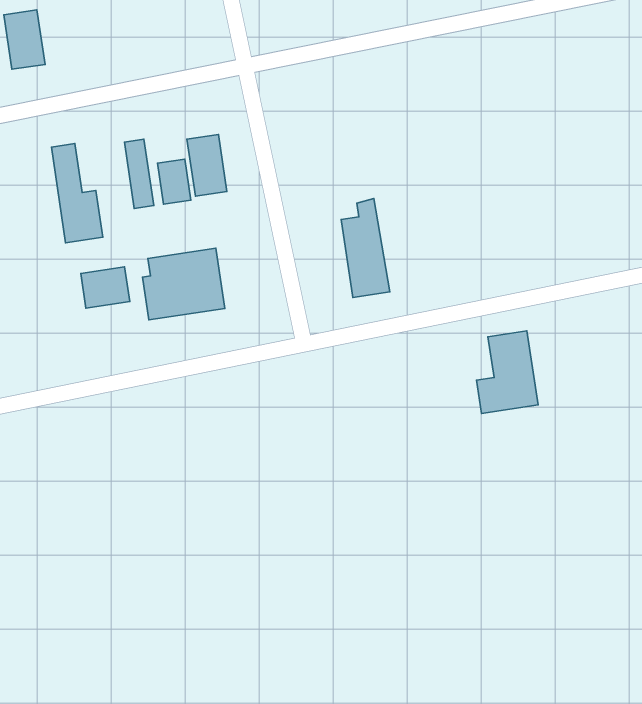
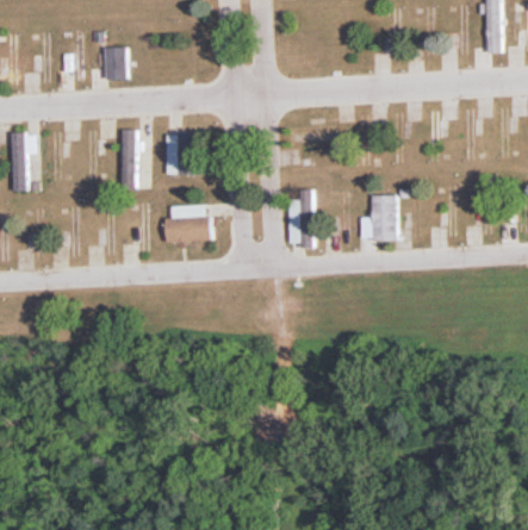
building: [187,135,227,196] -> none
building: [81,267,130,308] -> none
building: [477,331,538,413] -> [361,195,396,241]

